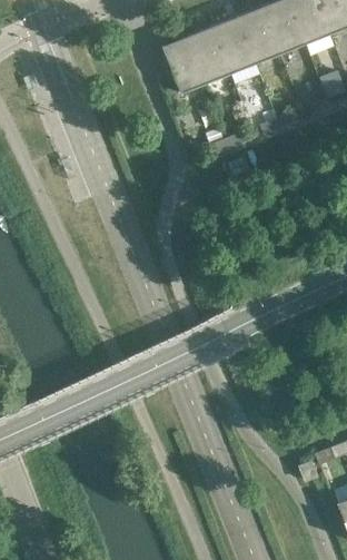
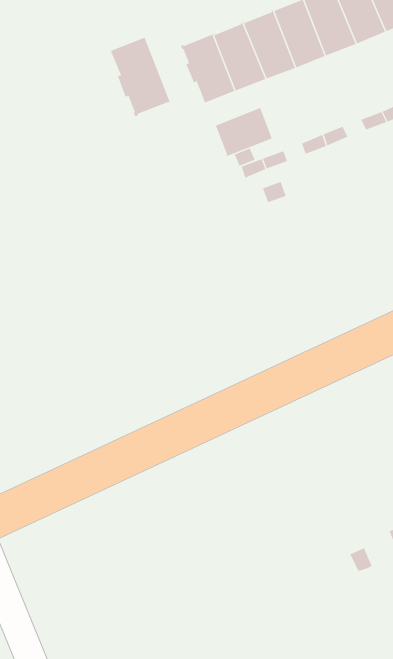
building: none -> [110,37,171,117]
building: none -> [214,107,273,157]

